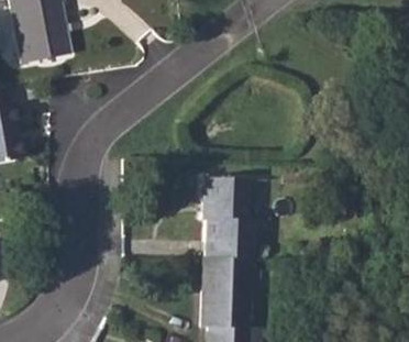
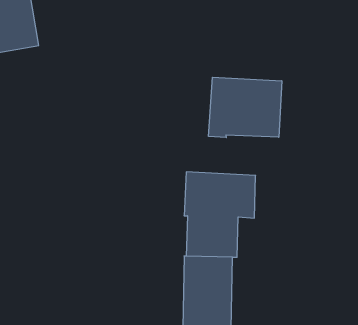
building: none -> [209,77,282,138]

